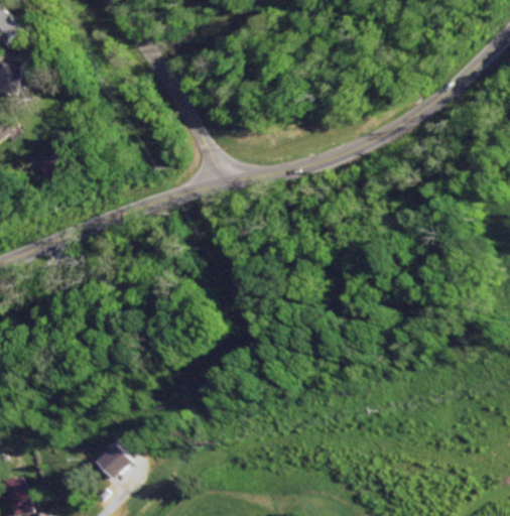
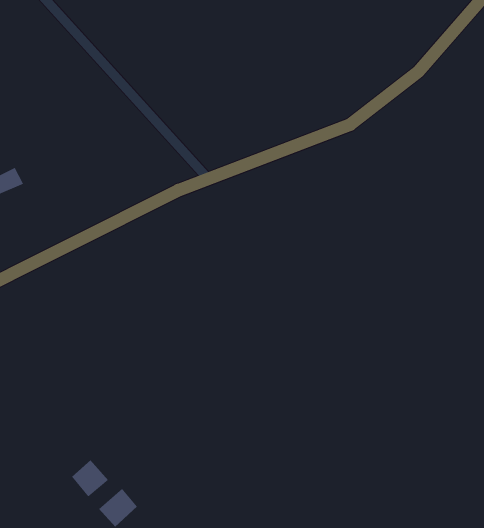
building: none -> [71,459,109,498]

